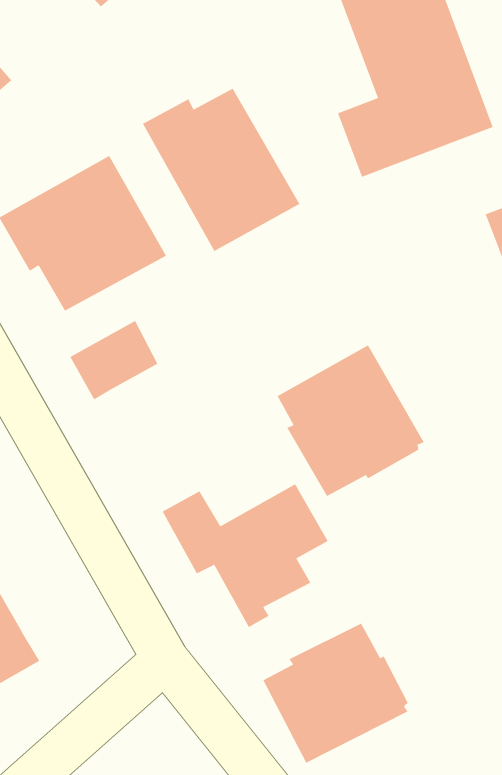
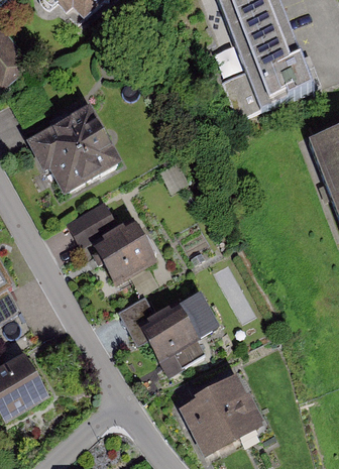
building: [142,88,300,252] -> none
building: [277,344,424,497] -> none
building: none -> [90,216,157,283]

